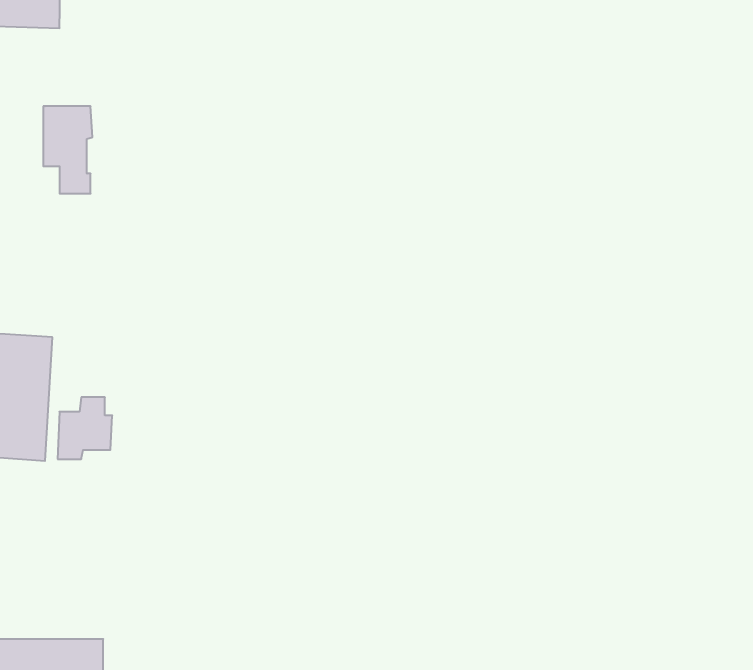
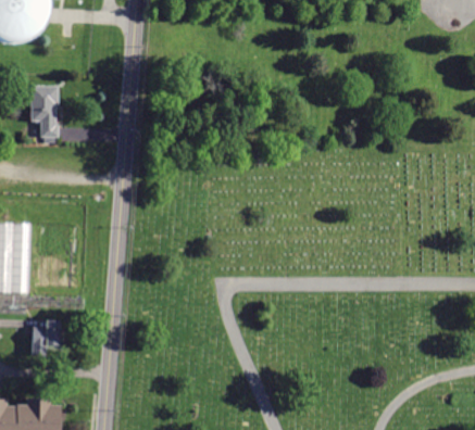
building: [58,397,112,459] -> [29,319,62,356]

